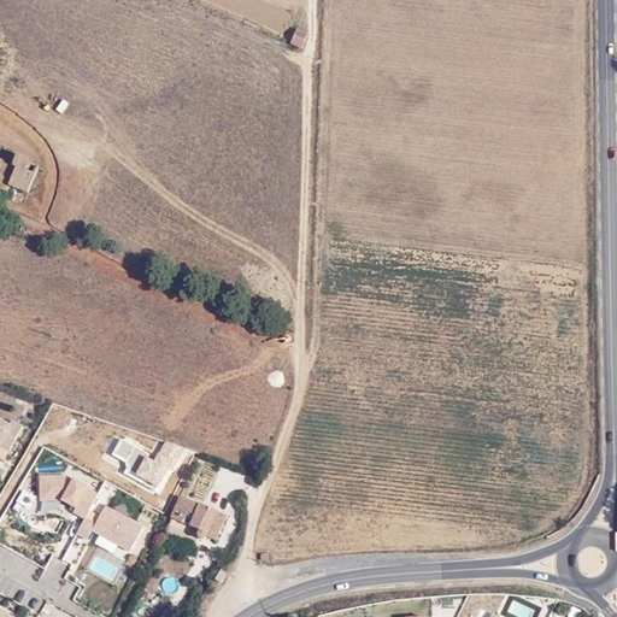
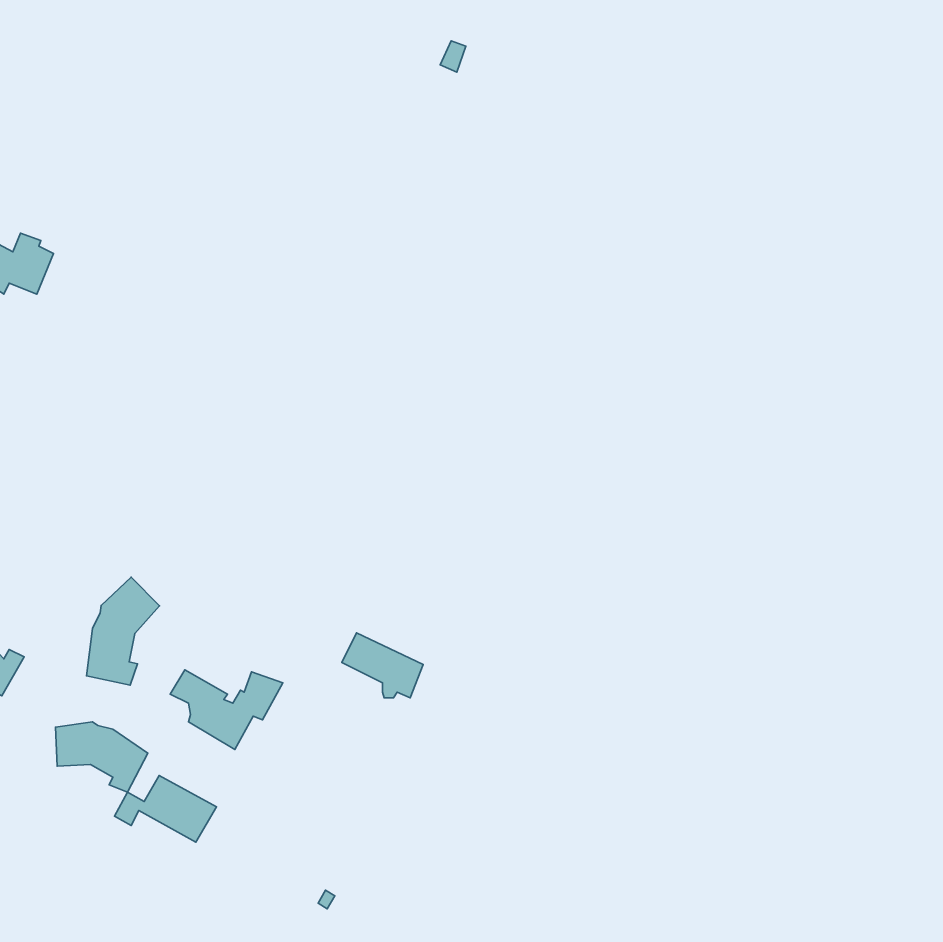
building: none -> [86,577,159,685]
building: [169,495,222,537] -> [342,633,423,698]

